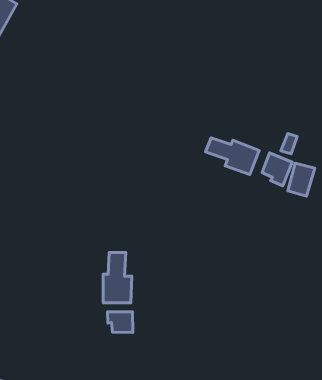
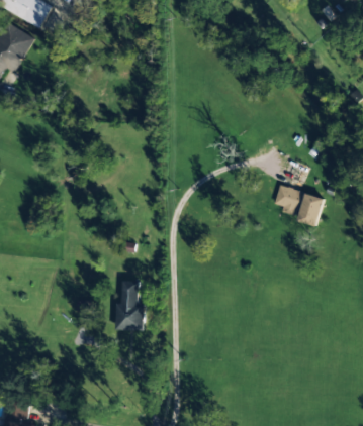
building: [206,138,259,174] -> none
building: [108,312,133,332] -> none

